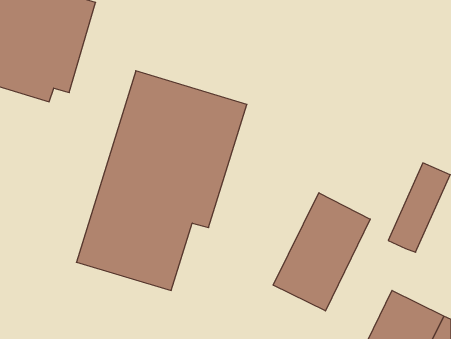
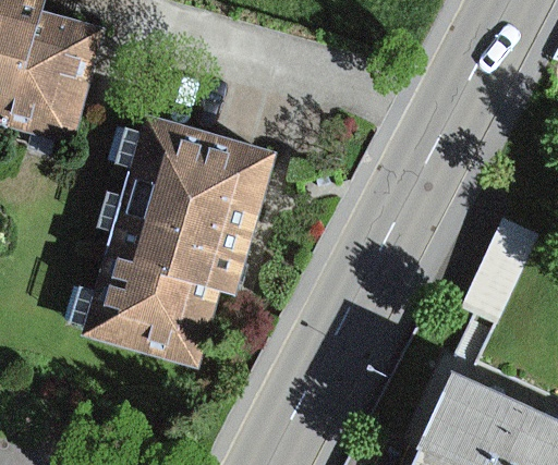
building: [273,193,370,311] -> none

